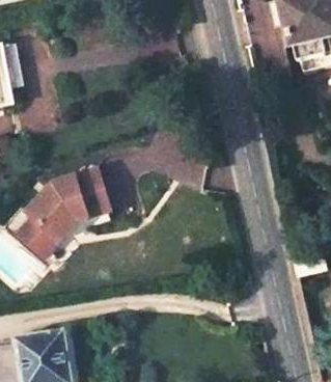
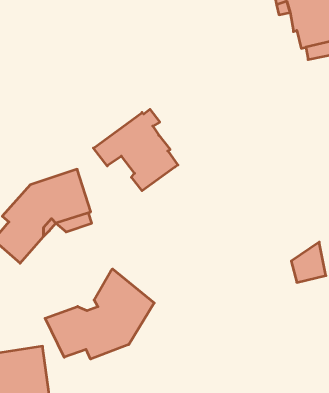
building: none -> [93,109,178,191]
building: none -> [45,269,154,359]

